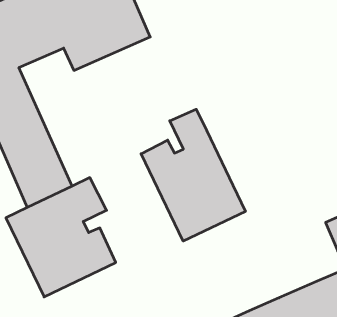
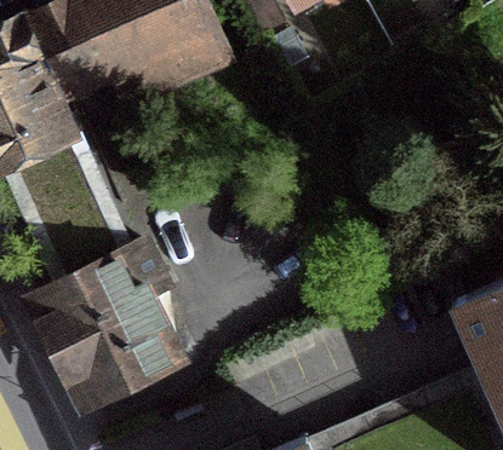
building: [141,109,245,241] -> none

